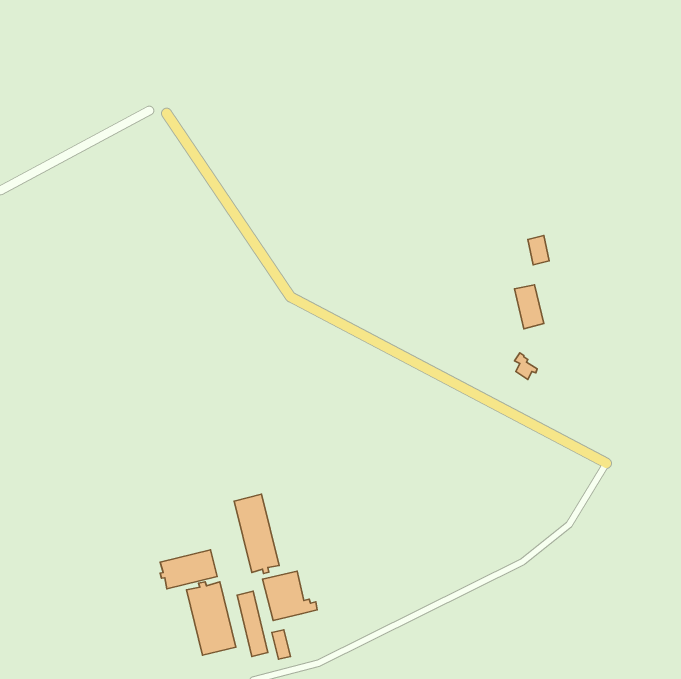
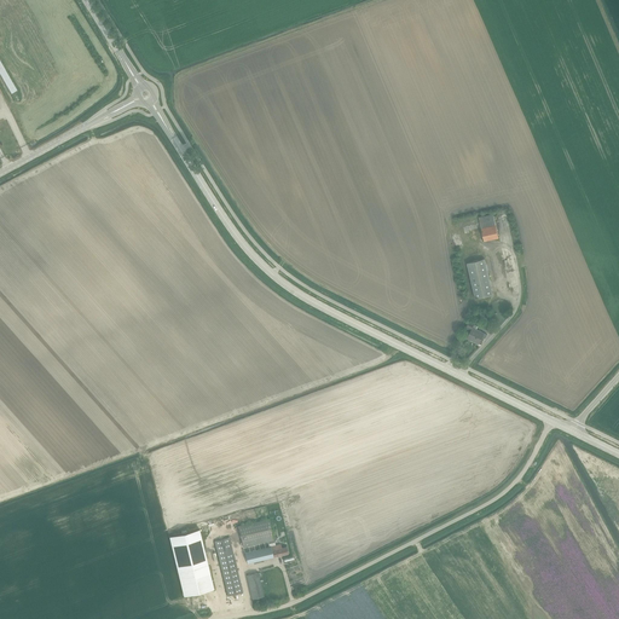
building: [234,494,279,574] -> none
building: [160,550,217,589] -> none

